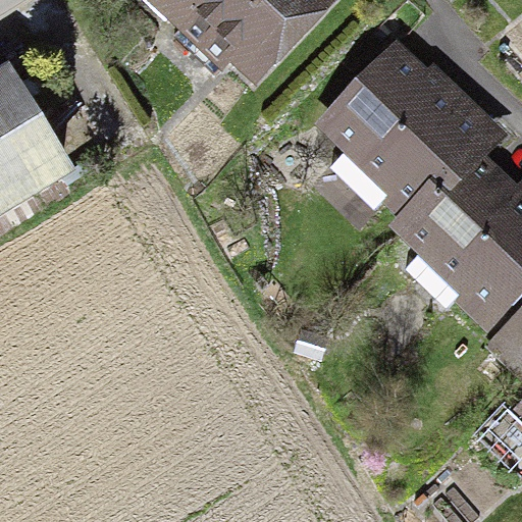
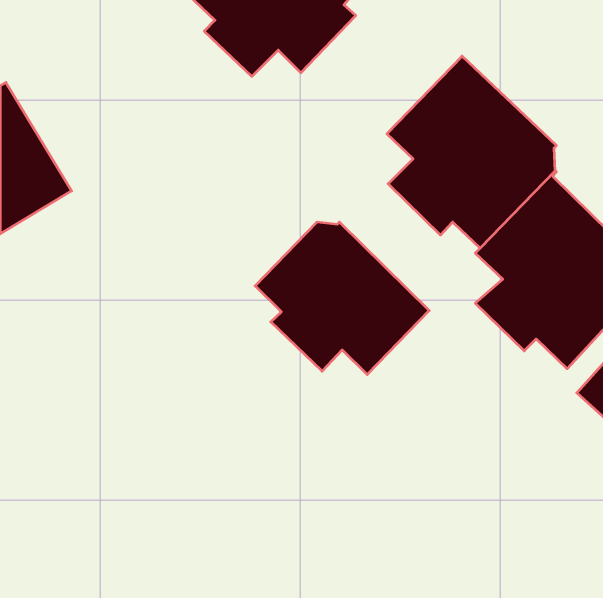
building: none -> [255,222,429,375]

